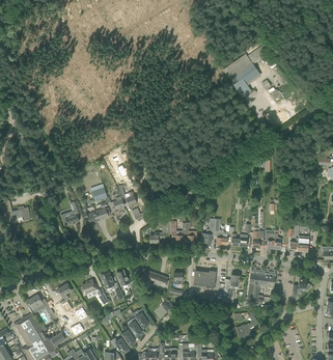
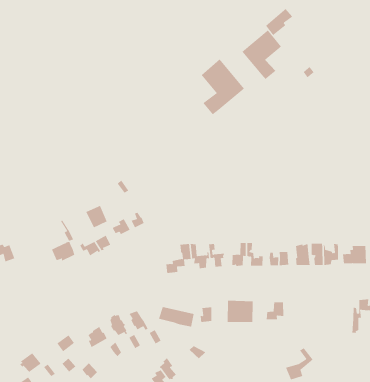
building: none -> [201,58,245,115]
building: [246,271,275,305] -> none

